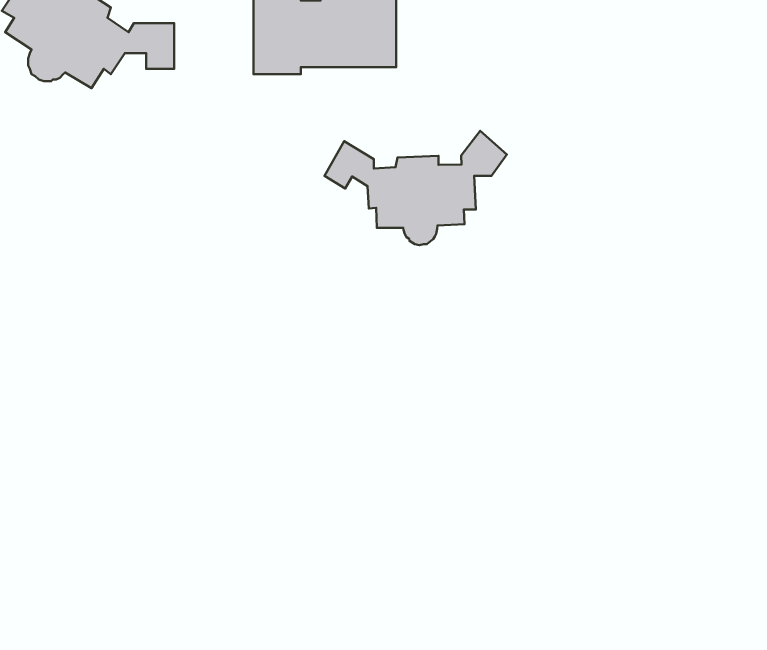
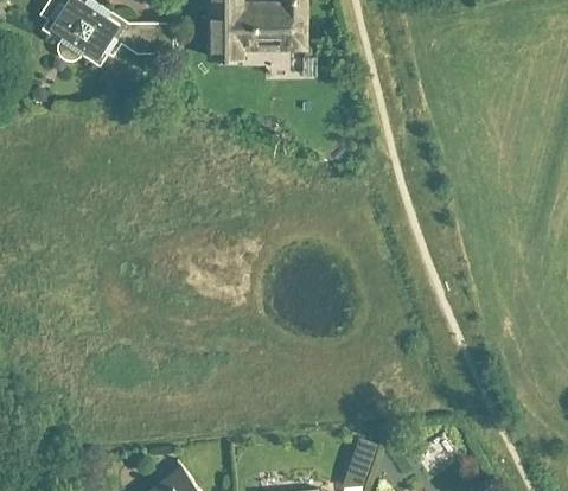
building: [325,131,507,245] -> none

